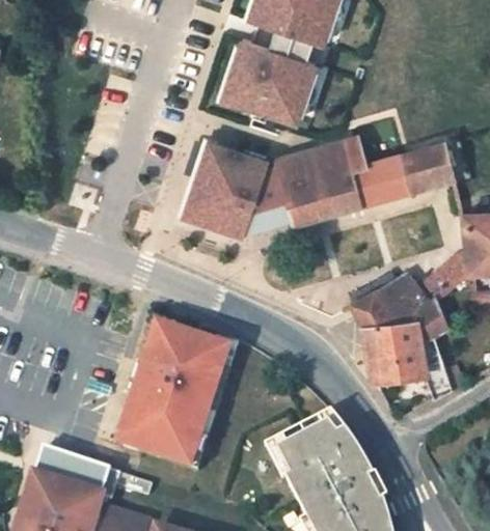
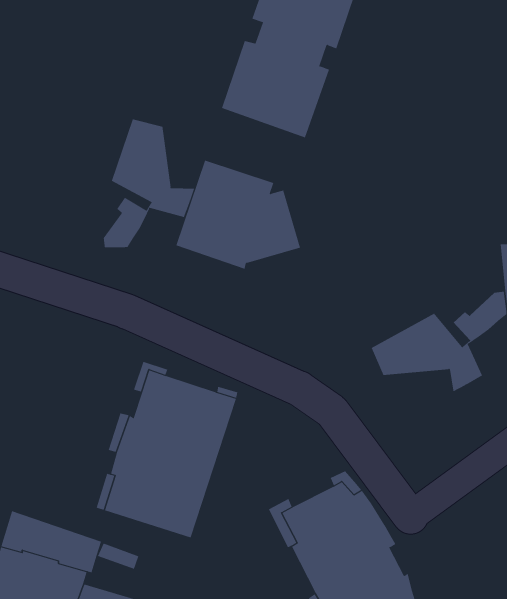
building: none -> [103,118,195,248]
building: [275,136,455,225] -> none
building: [362,323,453,400] -> none

